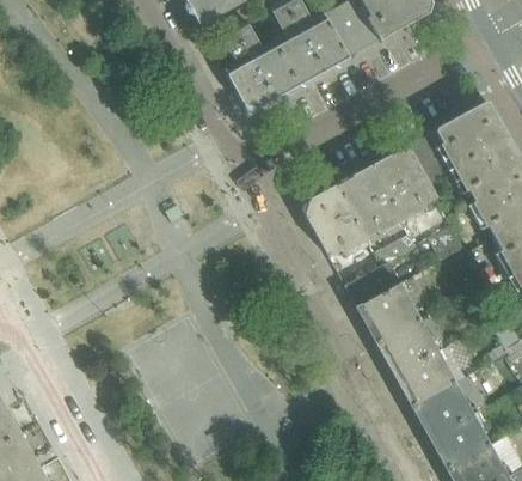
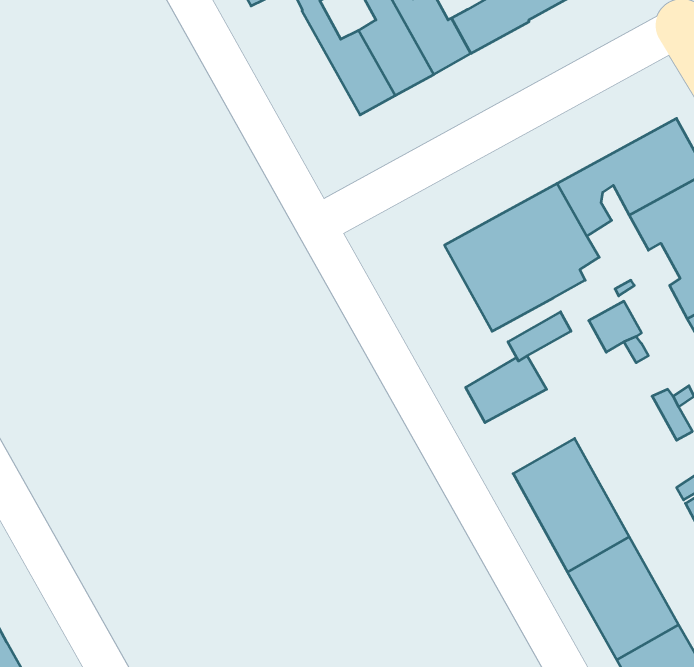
building: [222,29,275,109] -> none
building: [306,188,366,258] -> none
building: [360,286,420,343] -> none

